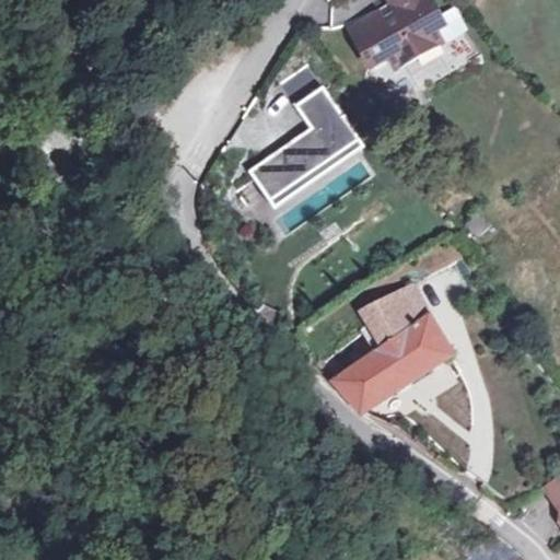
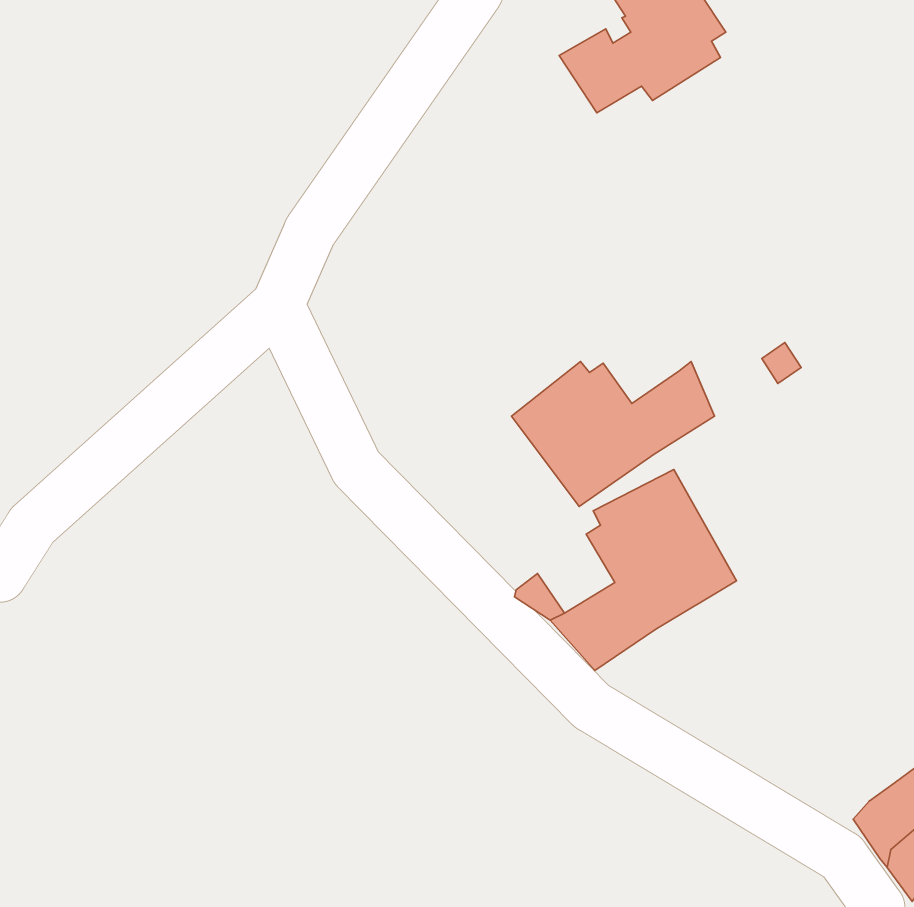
building: [254,62,364,206] -> none
building: none -> [512,361,715,506]

